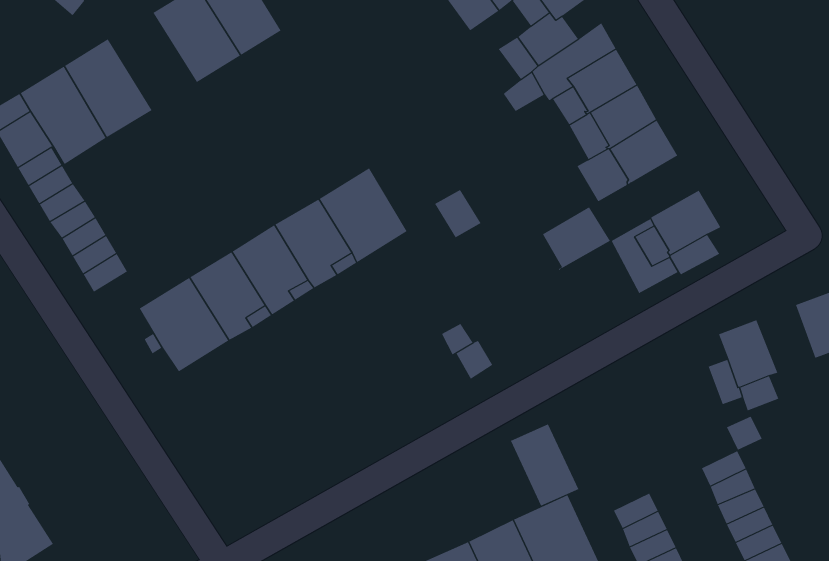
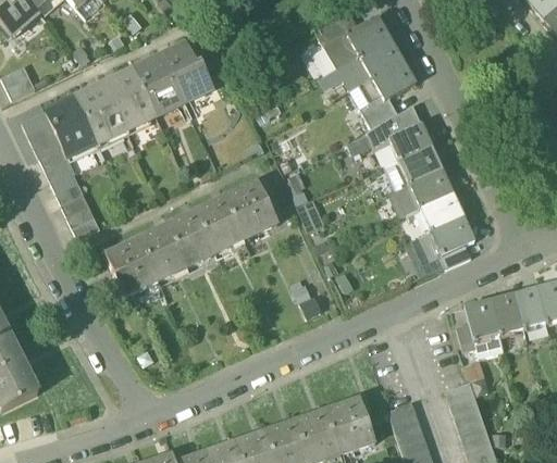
building: none -> [103,67,156,128]
building: [542,207,611,271] -> [420,191,462,229]
building: none -> [490,292,523,334]
building: [510,424,579,507] -> none

